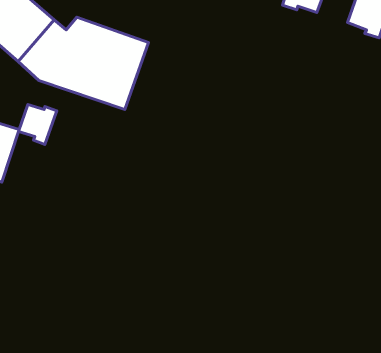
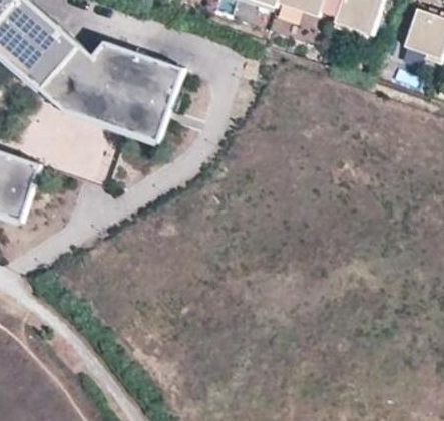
building: [18,104,57,144] -> none

